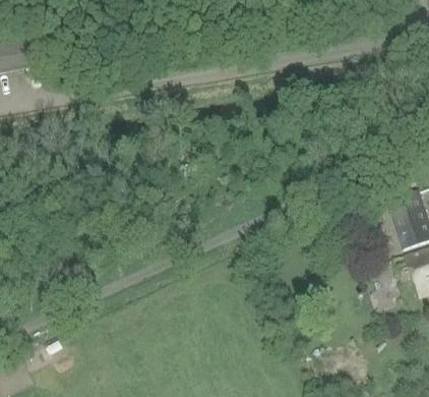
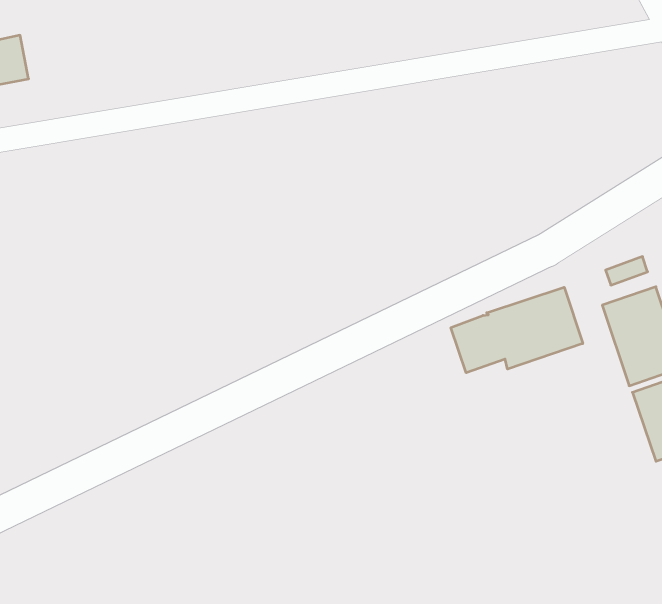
building: none -> [451,287,583,373]

